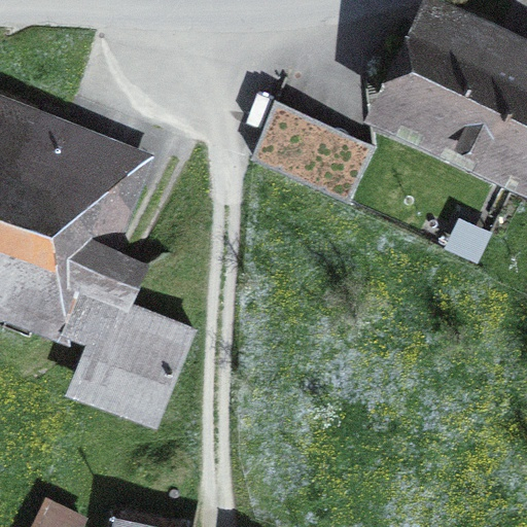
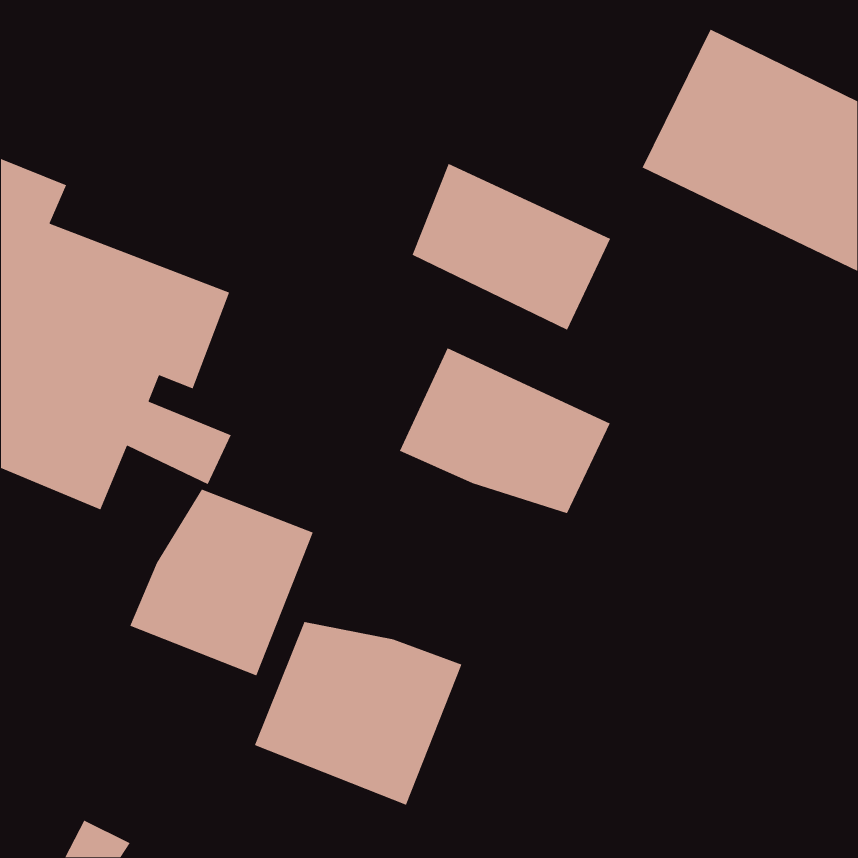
building: none -> [399,347,611,514]
building: none -> [254,621,463,806]

